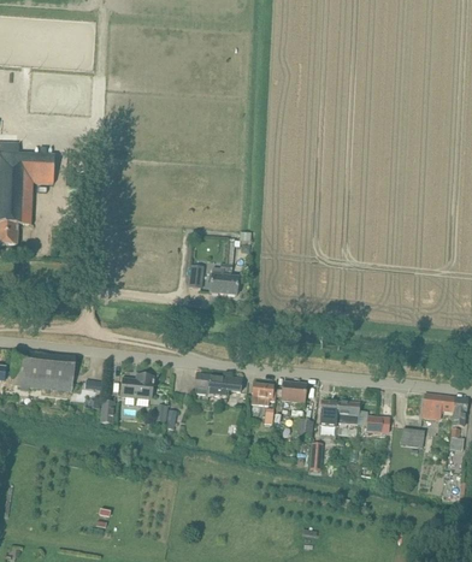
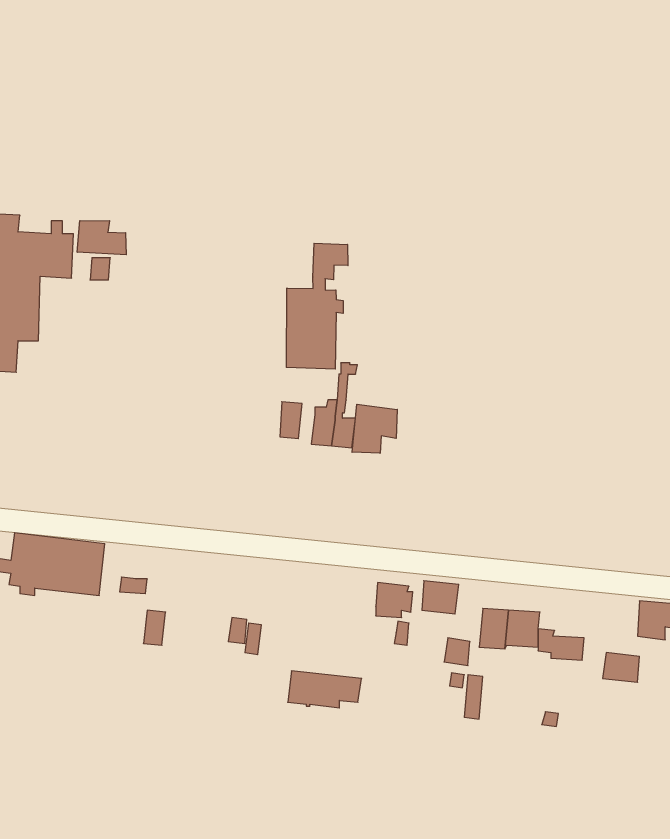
building: none -> [77,221,126,255]
building: none -> [286,243,348,369]
building: none -> [352,404,397,453]
building: [194,373,242,397] -> [288,671,362,708]
building: [119,374,153,401] -> none

